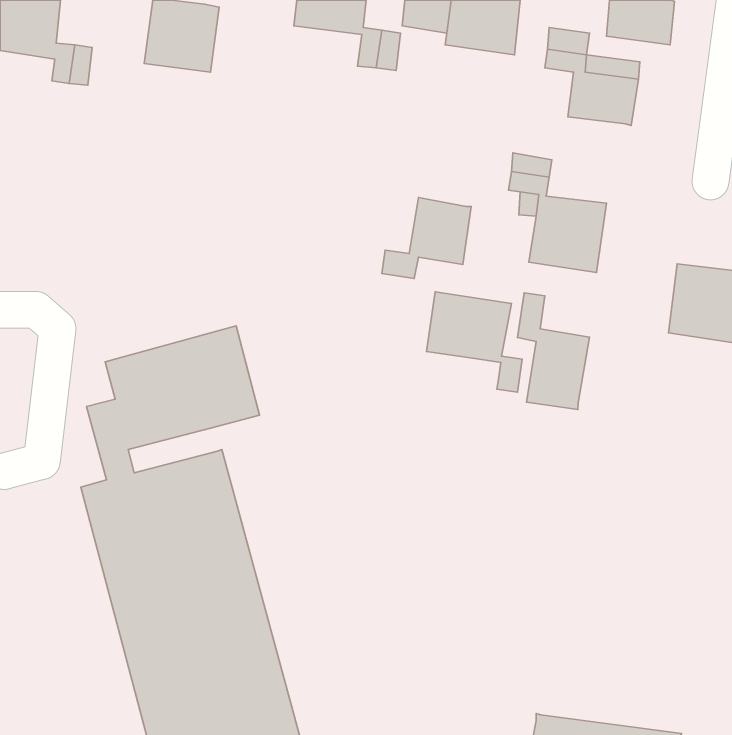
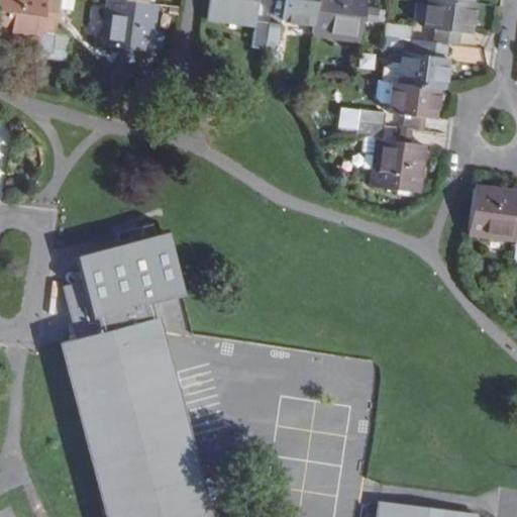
building: none -> [382,80,441,119]
building: [382,198,471,278] -> none
building: [426,292,522,392] -> none
building: [517,293,589,410] -> none

